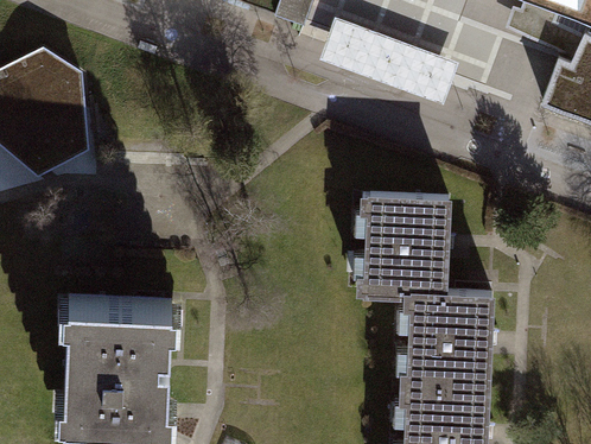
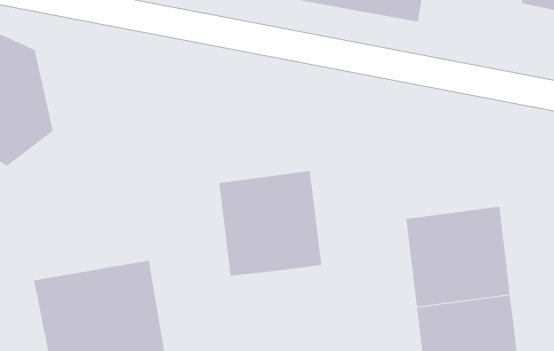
building: [360,197,451,290] -> [219,170,322,276]

